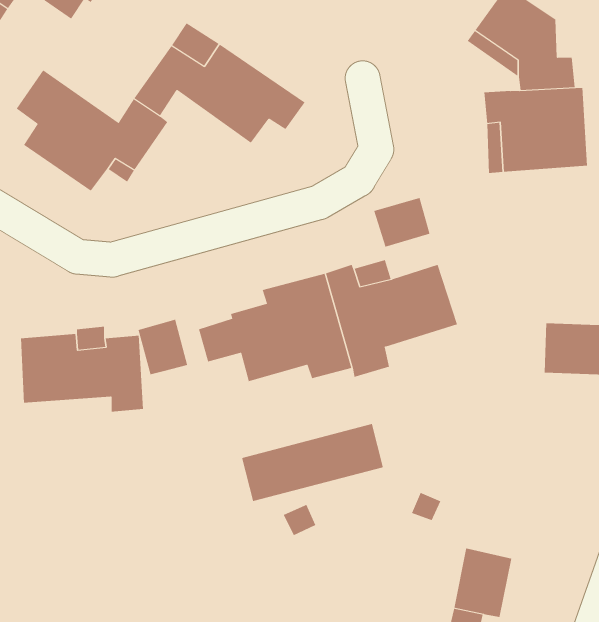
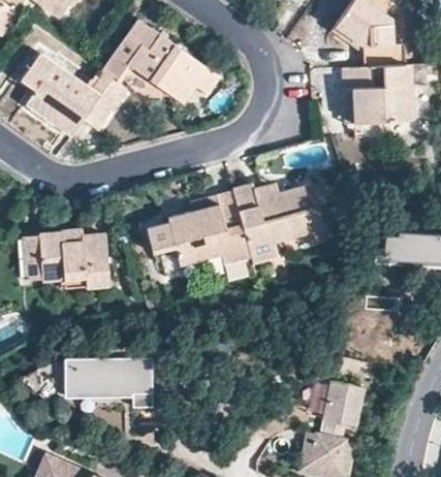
building: [374,197,430,247] -> none
building: [138,319,188,375] -> none
building: [242,423,383,502] -> none
building: none -> [69,363,157,413]

